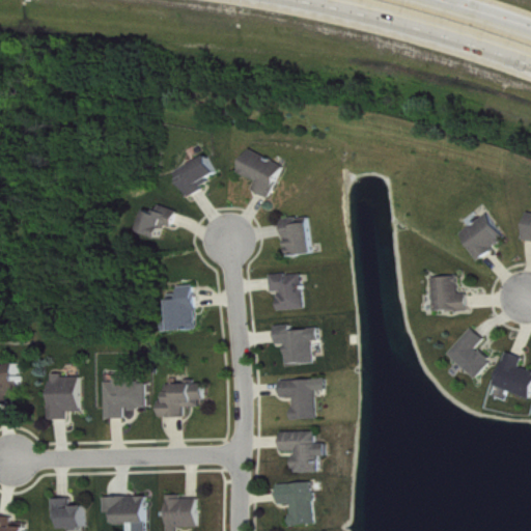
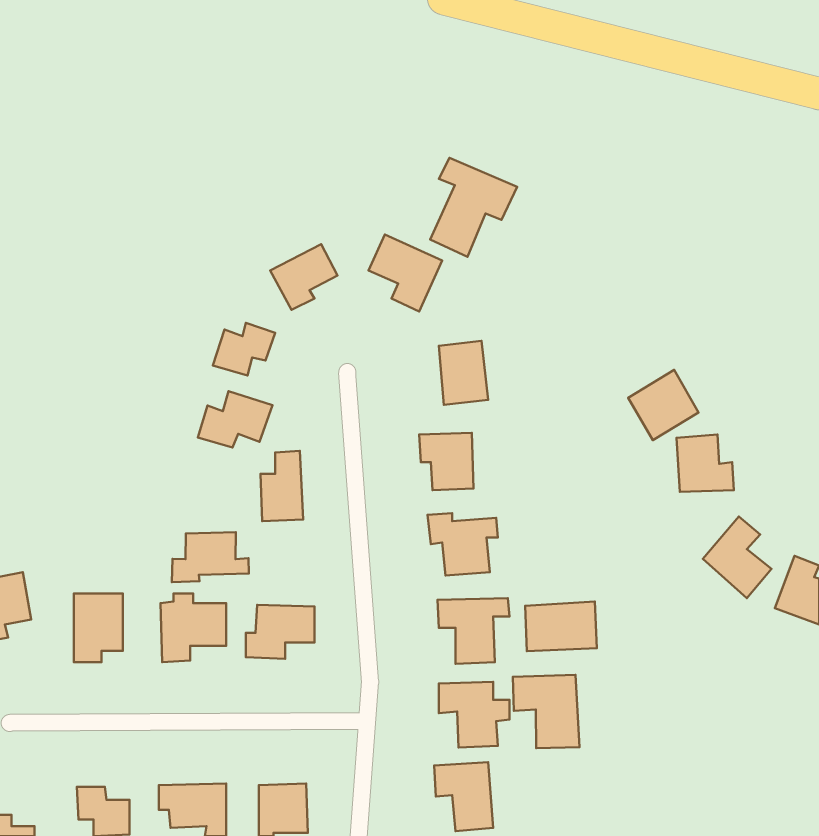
building: none -> [430,158,517,257]
building: [457,214,502,258] -> [628,370,699,440]
building: none -> [198,391,273,447]
building: none -> [172,532,249,582]
building: none -> [525,601,597,651]
building: none -> [513,675,579,748]

